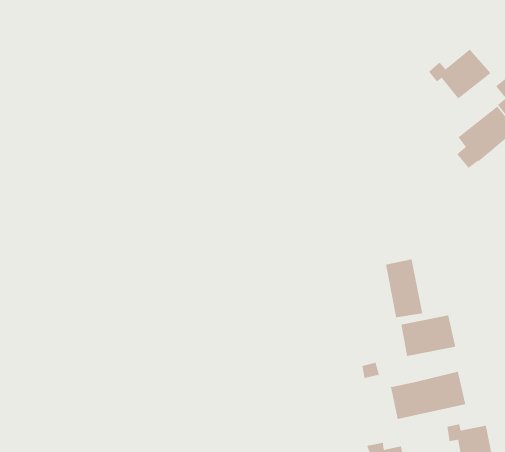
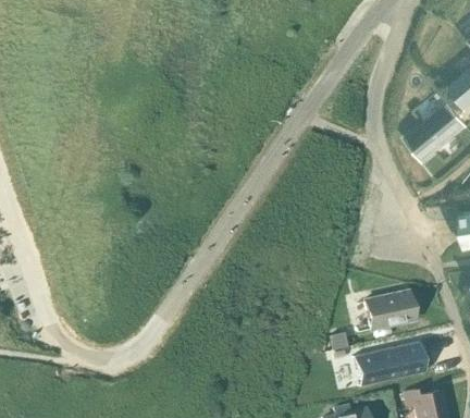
building: [428,48,491,100] -> none
building: [385,258,423,318] -> none

